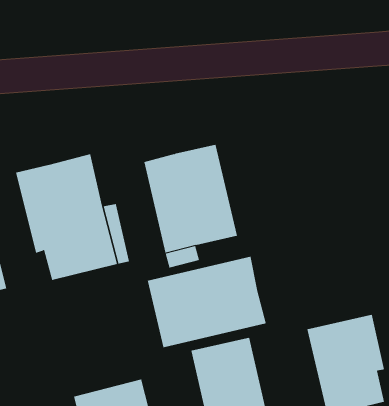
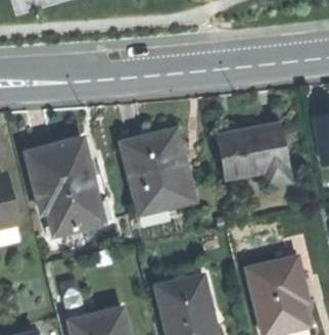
building: none -> [218,124,288,185]
building: [147,256,267,348] -> none

